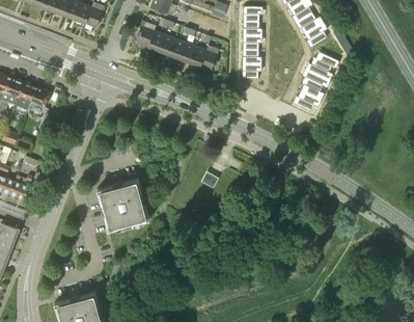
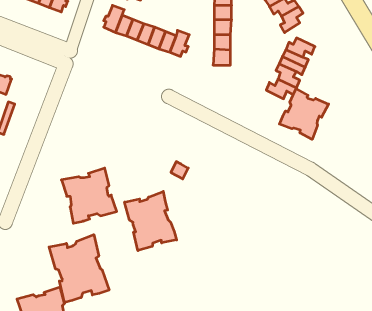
building: none -> [279,89,329,139]
building: none -> [125,191,177,251]
building: none -> [49,235,109,302]

